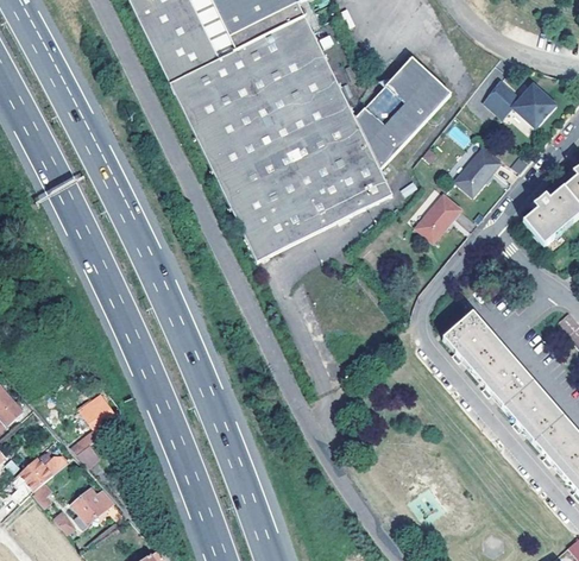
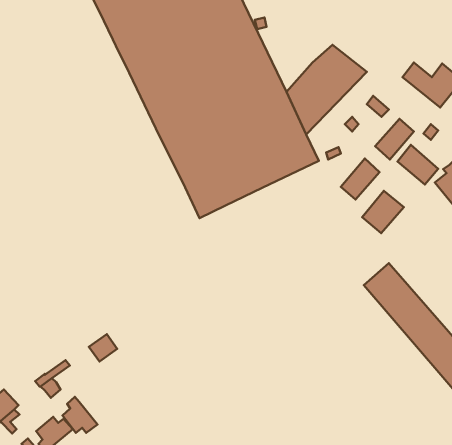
building: none -> [397,145,438,184]
building: none -> [362,191,404,233]
building: [80,393,112,424] -> [89,334,117,361]
building: none -> [62,397,98,433]

